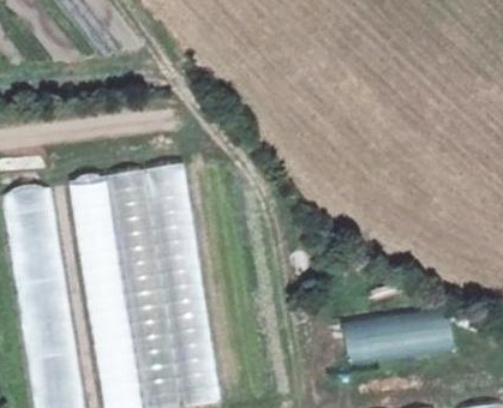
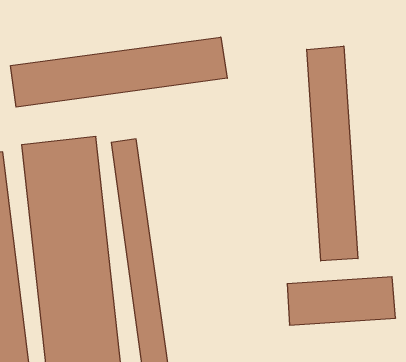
building: none -> [11,37,227,107]
building: none -> [307,46,358,261]

